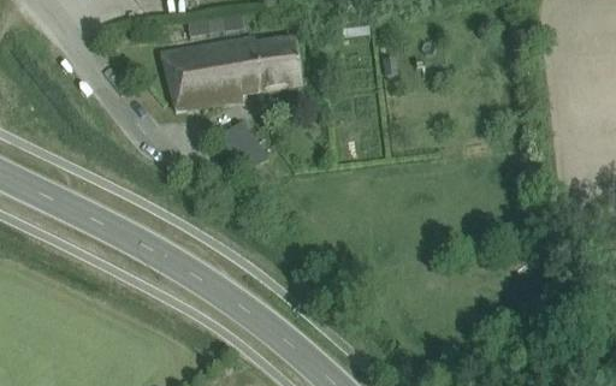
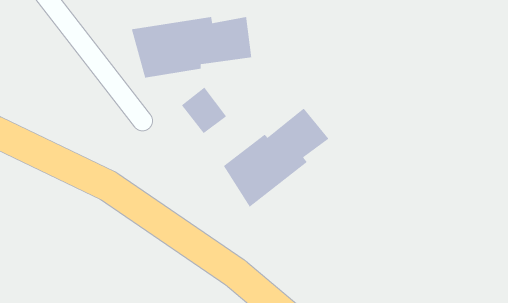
building: none -> [223,108,330,208]

